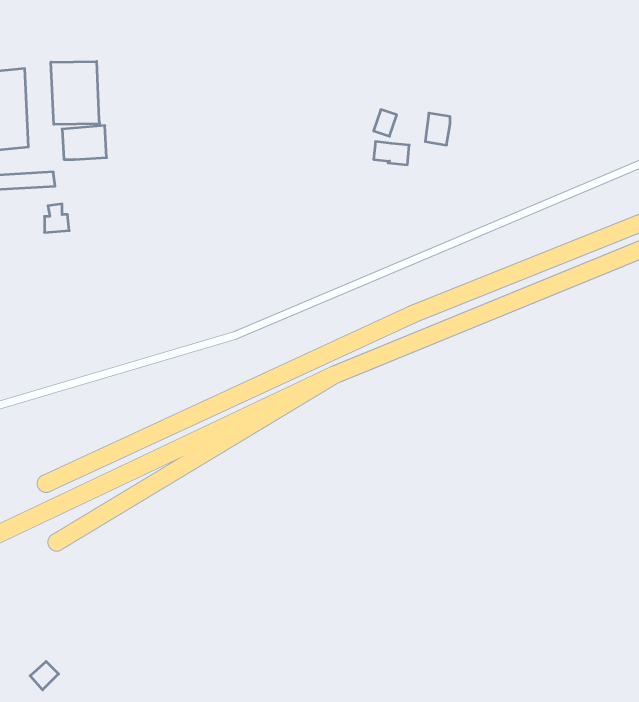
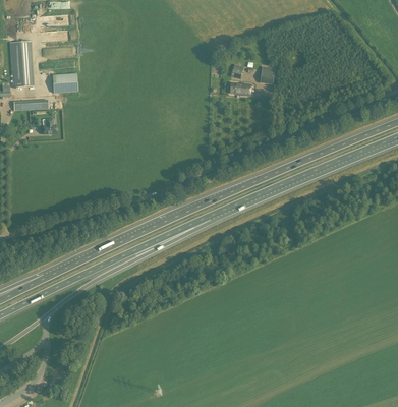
building: [51,61,99,124] -> none

